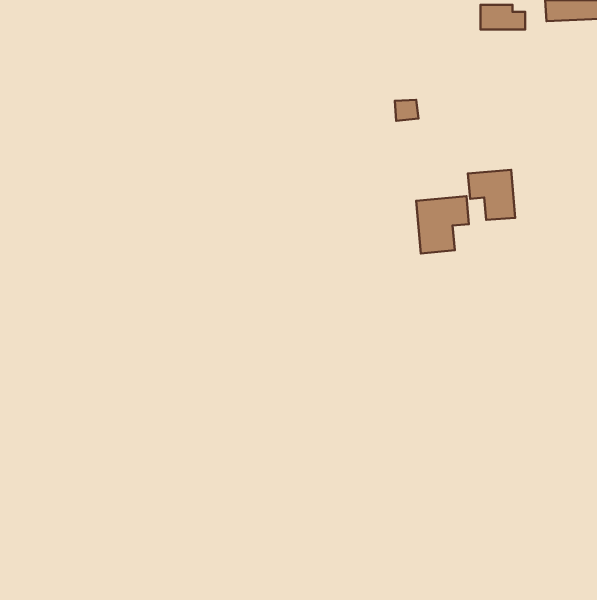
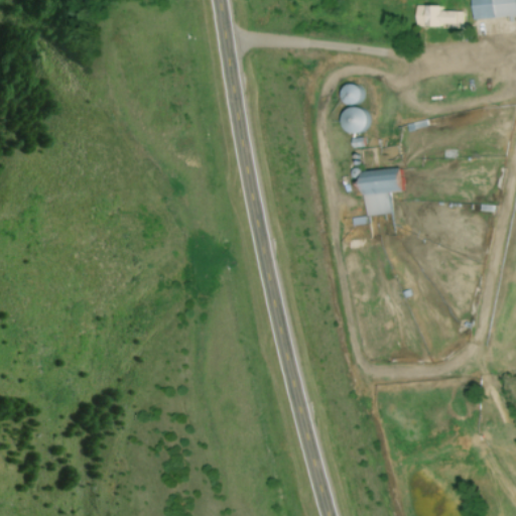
building: none -> [341,107,366,132]
building: [468,170,515,220] -> none

